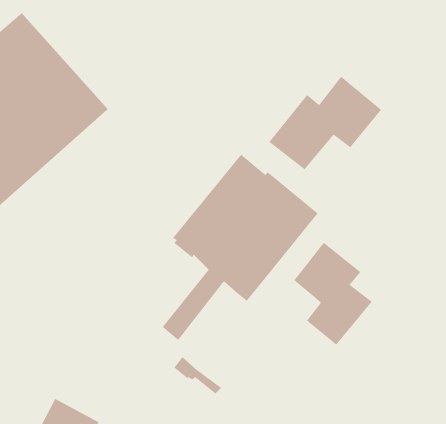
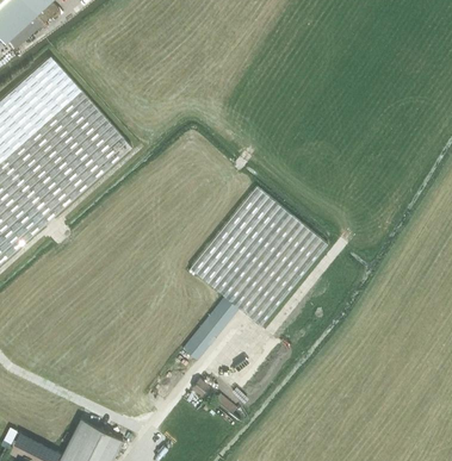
building: [269,76,382,170] -> none
building: [293,242,372,345] -> none

